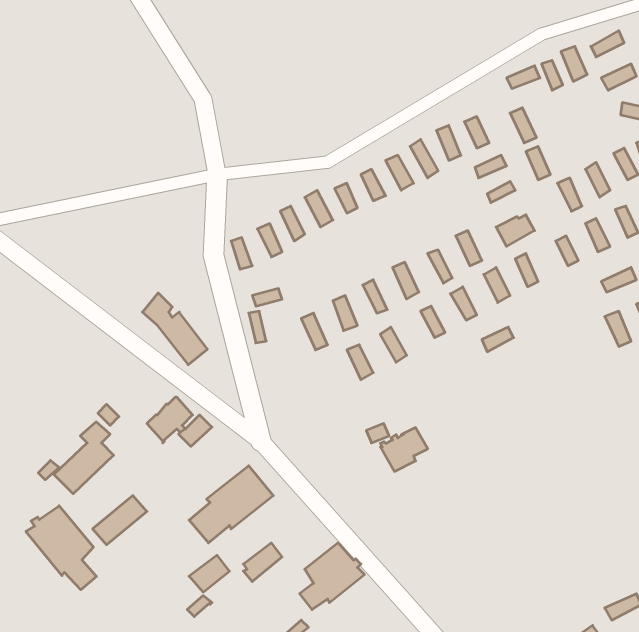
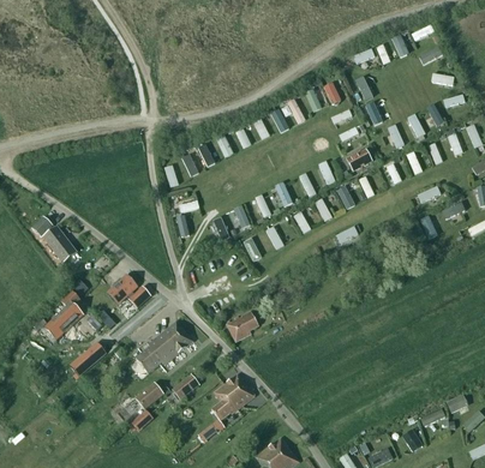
building: [142,293,207,365] -> [31,215,76,264]
building: [380,428,428,471] -> [226,310,258,340]
building: [26,506,96,590] -> none

